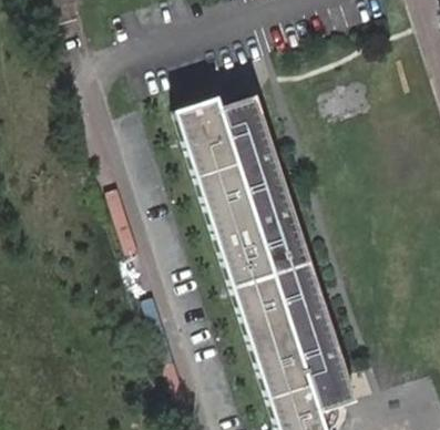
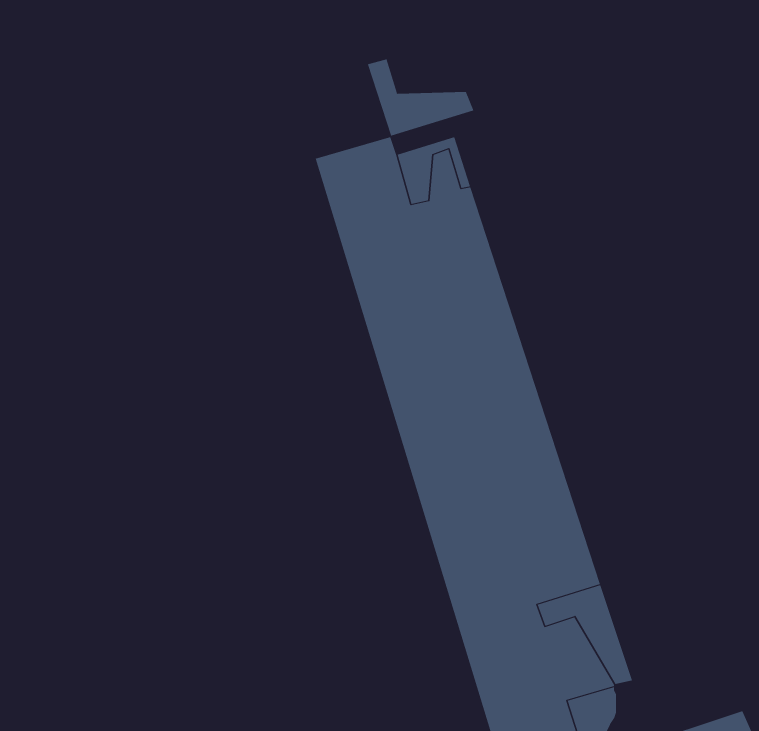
building: none -> [367,59,474,137]

